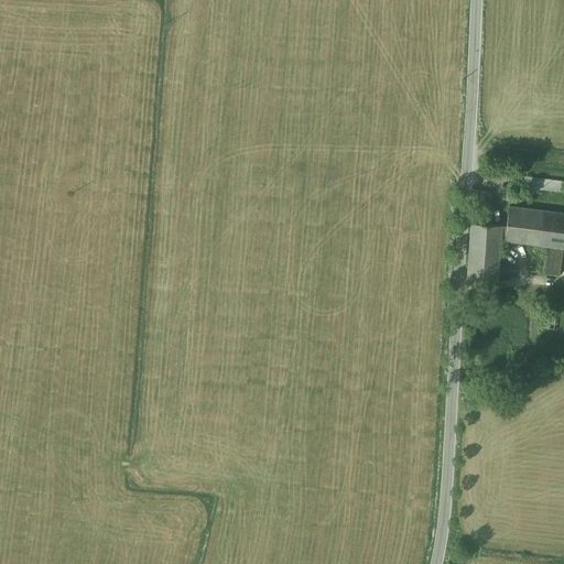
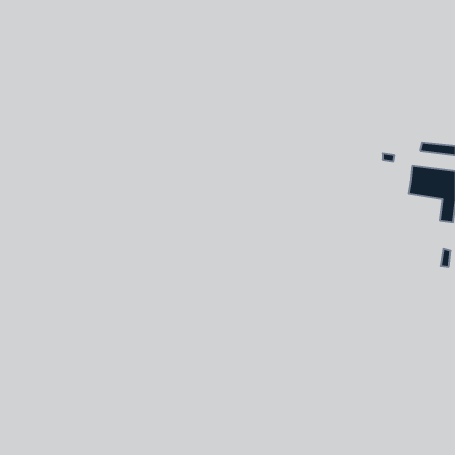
building: [467,224,508,281] -> none

